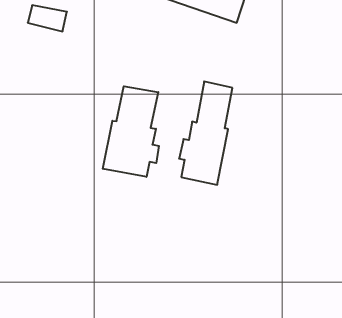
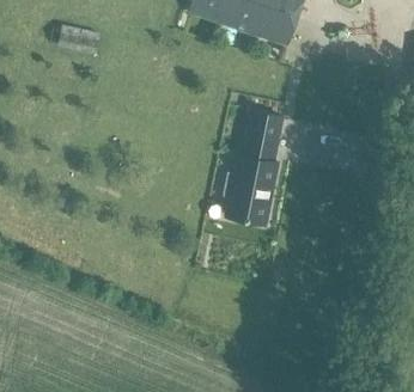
building: [103,86,159,177] -> none

